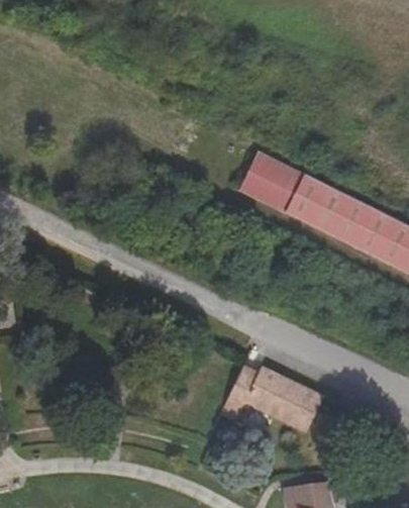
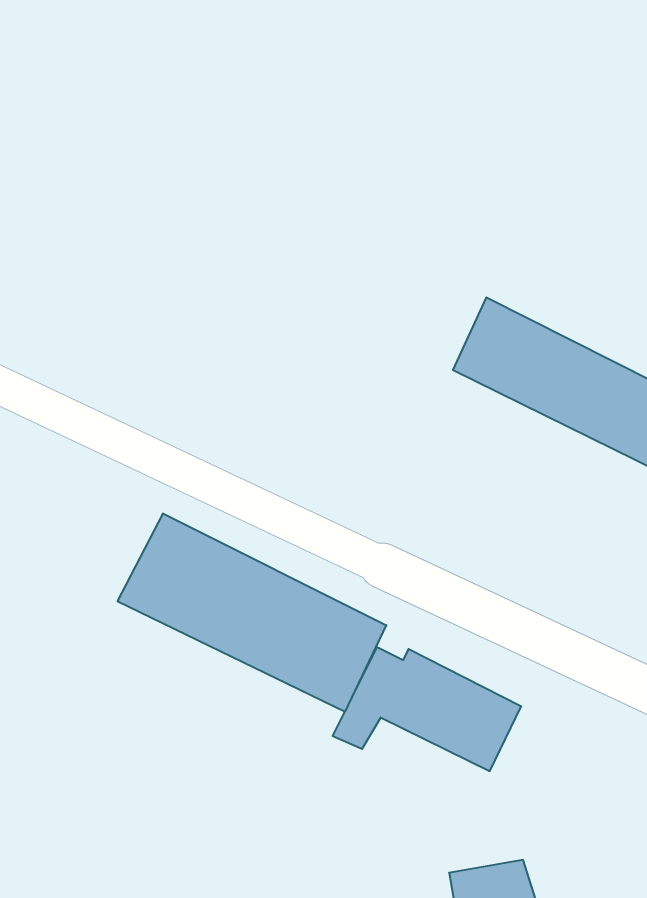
building: [240,151,304,213] -> none
building: none -> [118,513,386,712]

